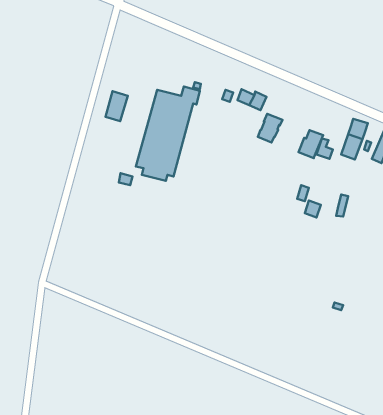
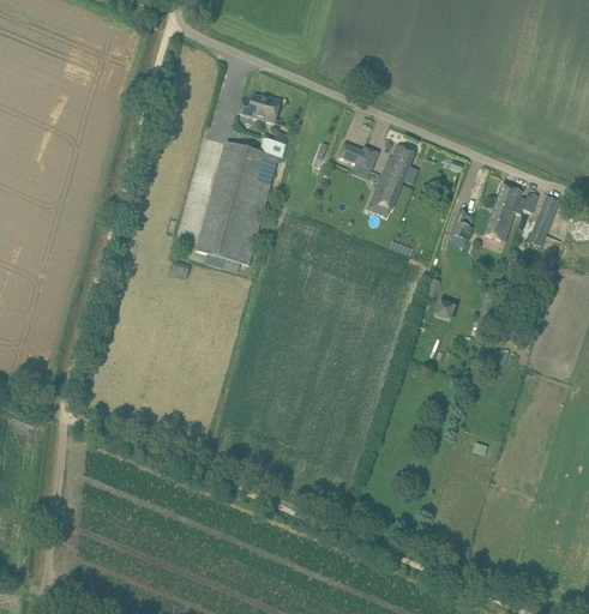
building: none -> [239,94,282,121]
building: [105,91,128,121] -> none
building: [298,130,323,158] -> [381,144,416,183]

